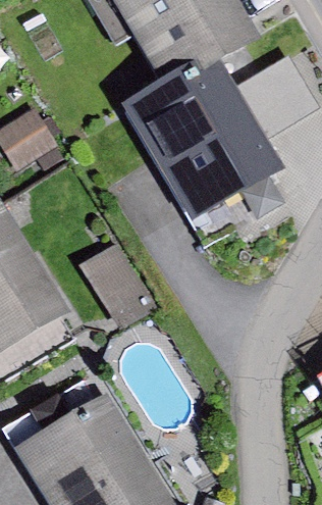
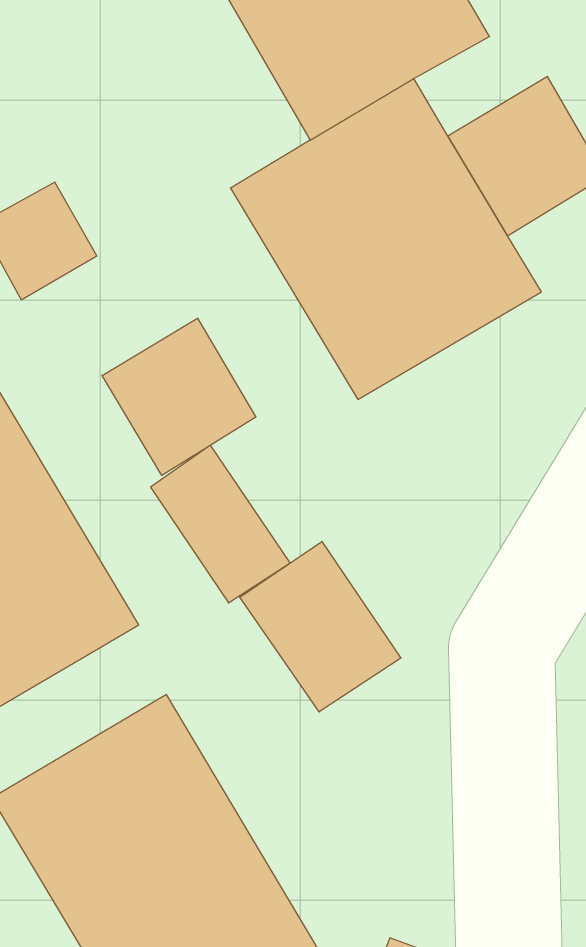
building: none -> [102,318,256,475]
building: none -> [240,541,401,712]

